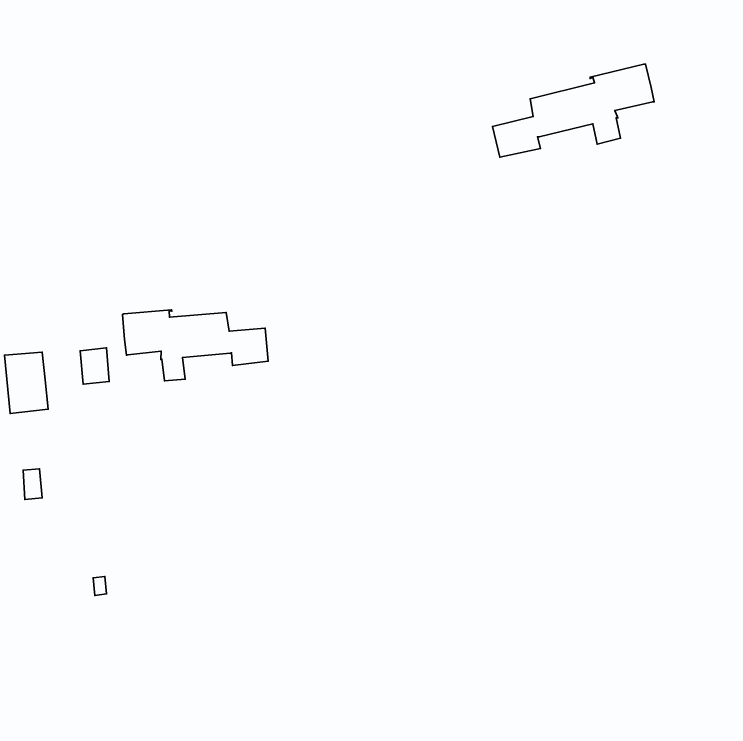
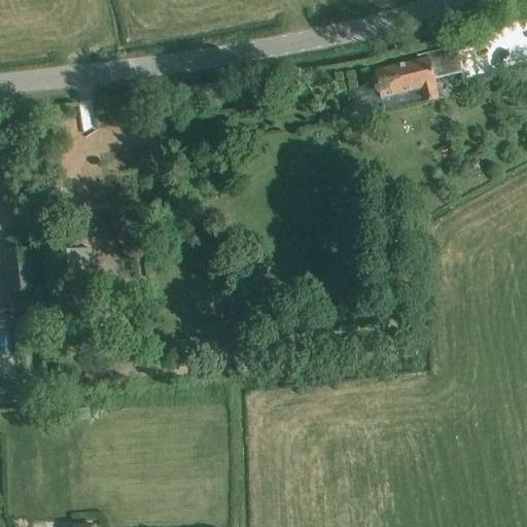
building: [123,310,268,381] -> none

